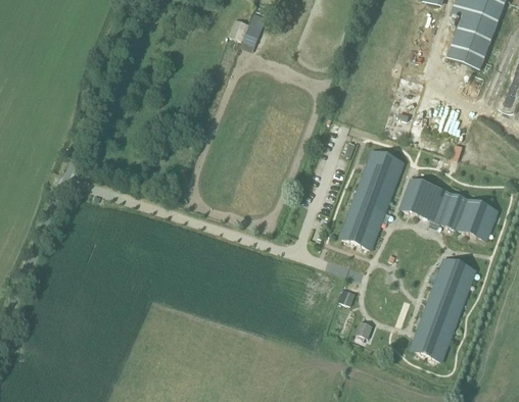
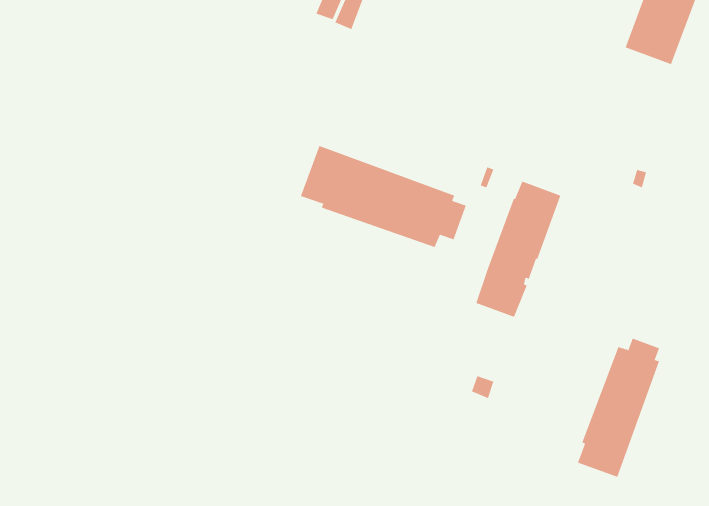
building: none -> [300,145,467,248]
building: [402,180,497,238] -> none

